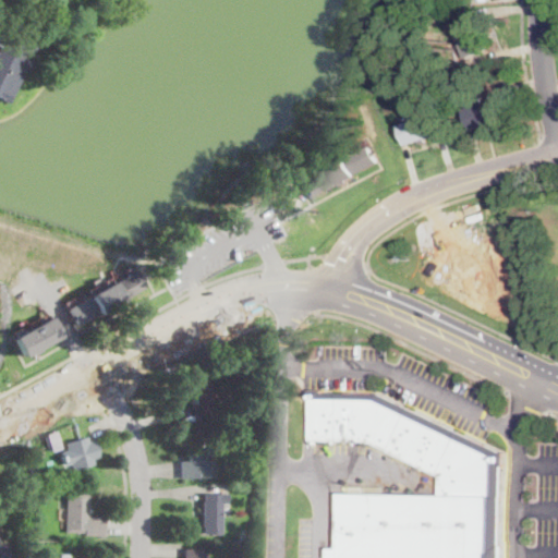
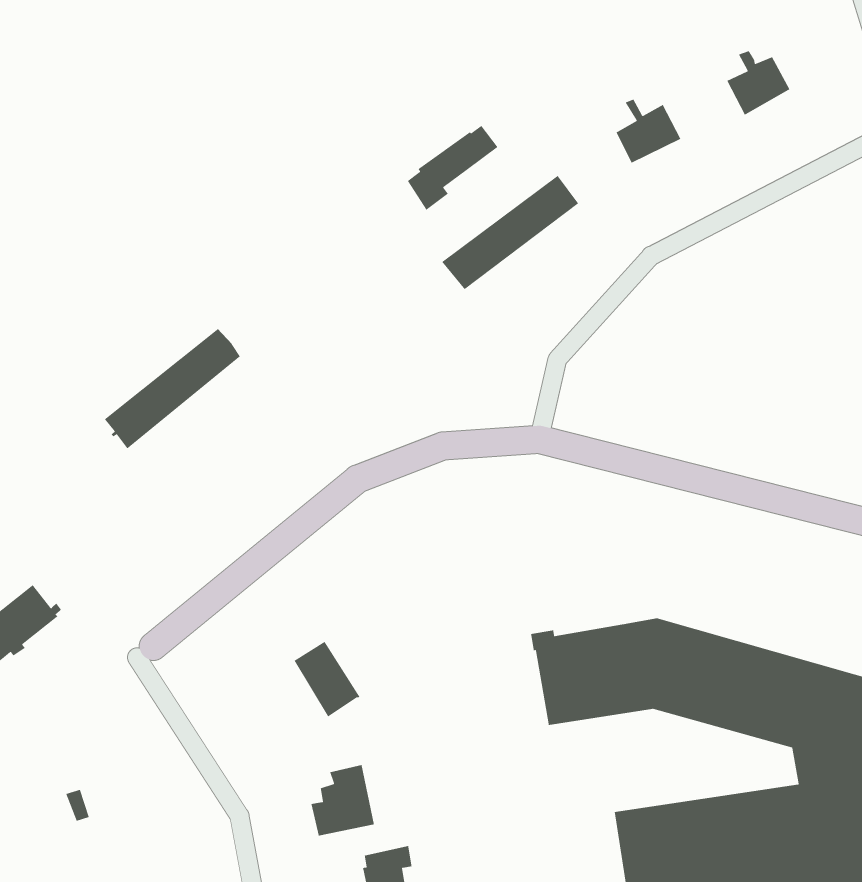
building: none -> [407,125,498,211]
building: [62,272,142,329] -> [104,328,241,449]
building: [56,438,95,472] -> none

